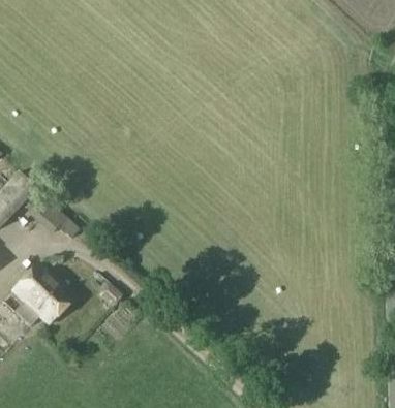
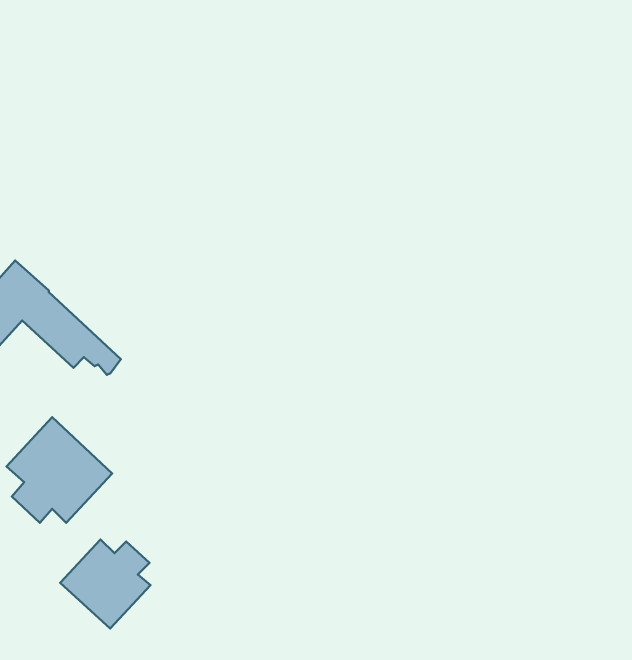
building: none -> [60,540,150,629]

